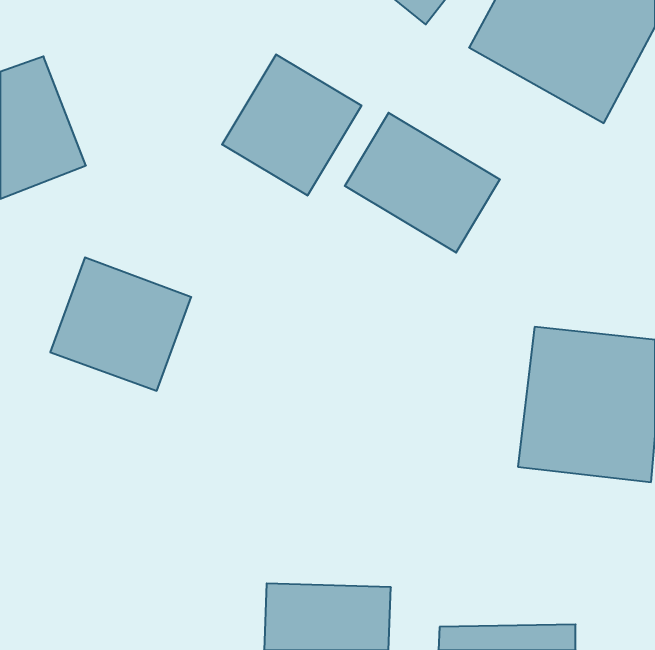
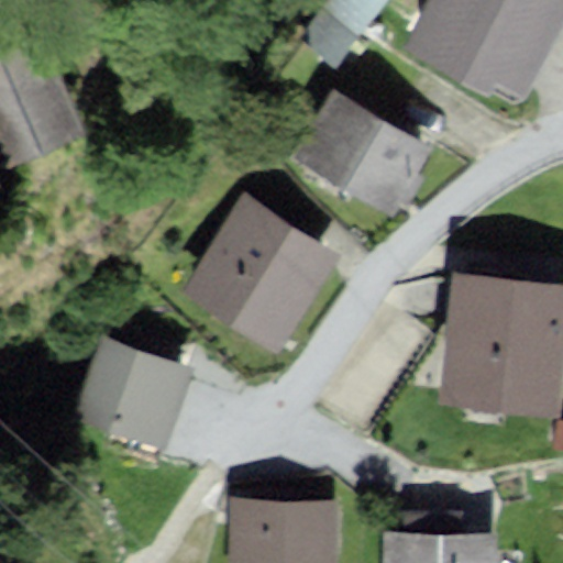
building: [222,54,361,196] -> none
building: none -> [178,194,339,355]
building: [50,257,191,391] -> [73,336,194,451]

